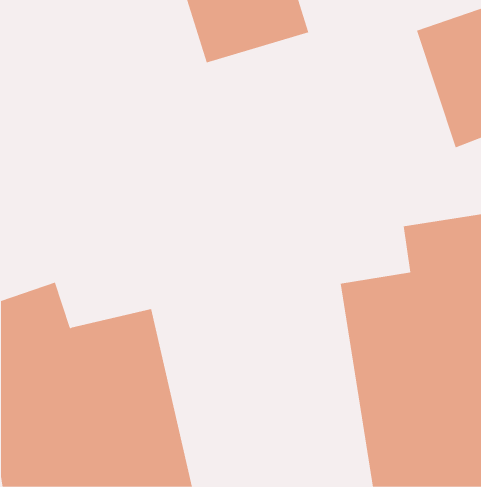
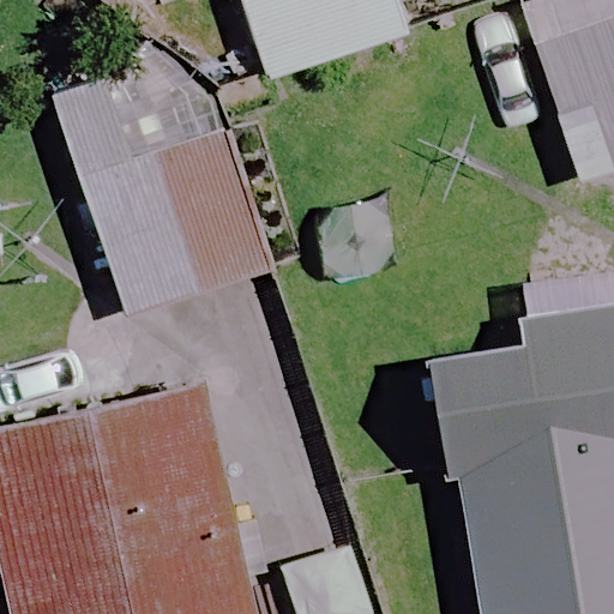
building: none -> [79,128,273,318]

